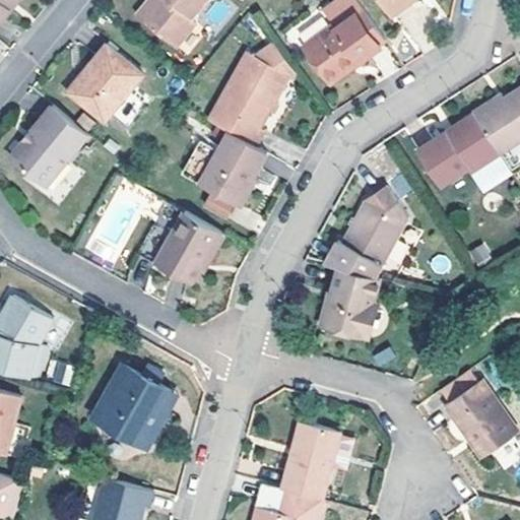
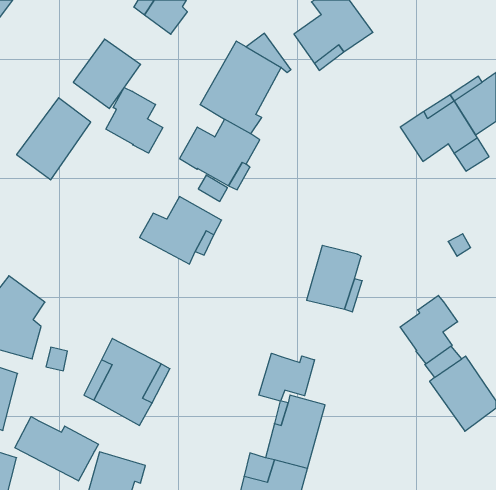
building: none -> [106,88,163,153]
building: [319,183,407,274] -> none
building: none -> [400,295,458,364]
building: none -> [259,353,315,401]
building: none -> [15,417,98,481]

